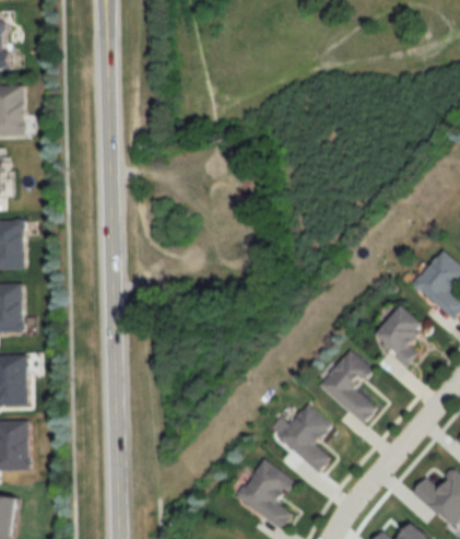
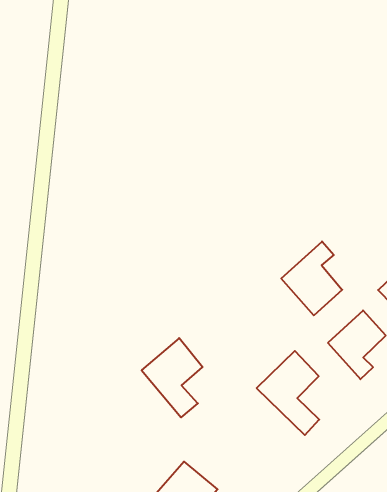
building: none -> [281,241,342,315]
building: [276,402,330,472] -> [142,338,203,417]

